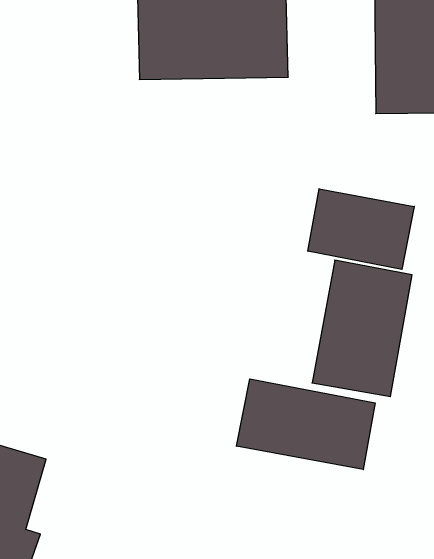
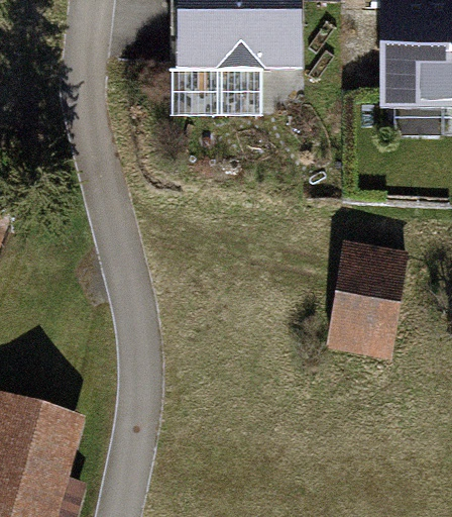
building: [308,189,414,269] -> none
building: [236,379,375,470] -> none

